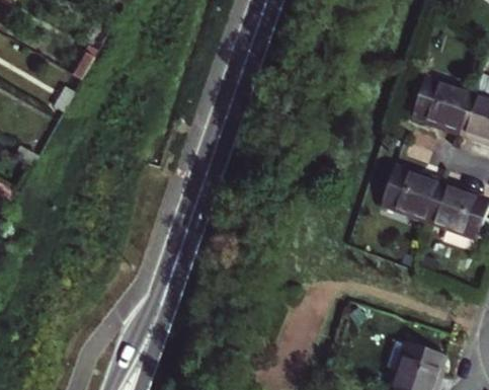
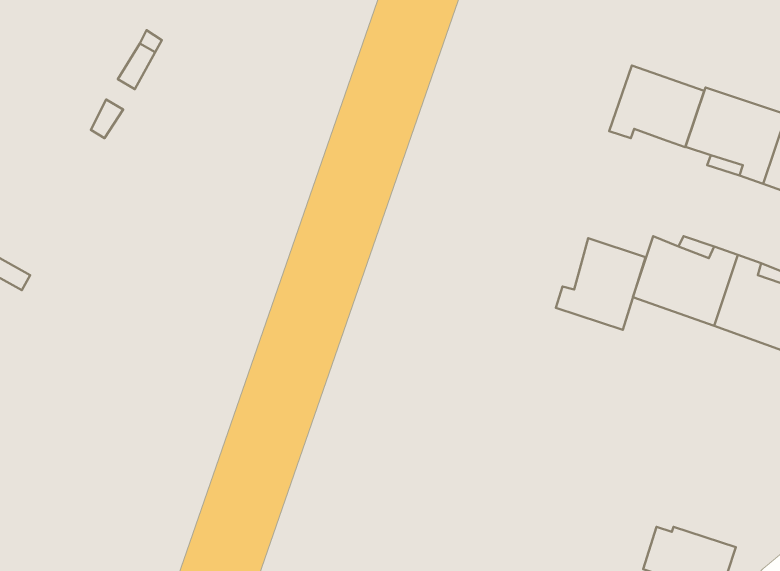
building: none -> [609,66,704,147]
building: none -> [556,238,645,330]

